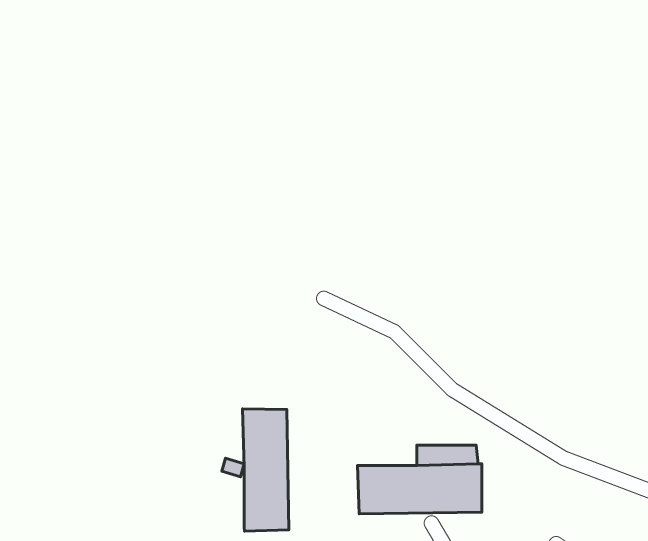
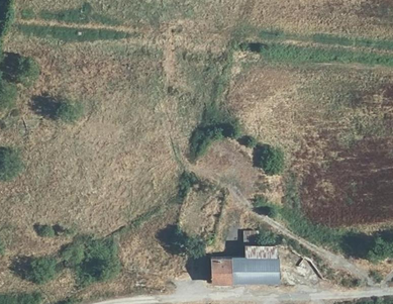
building: [242,409,289,531] -> none

